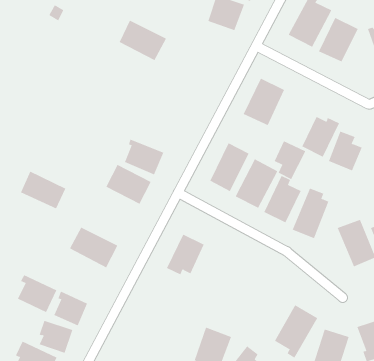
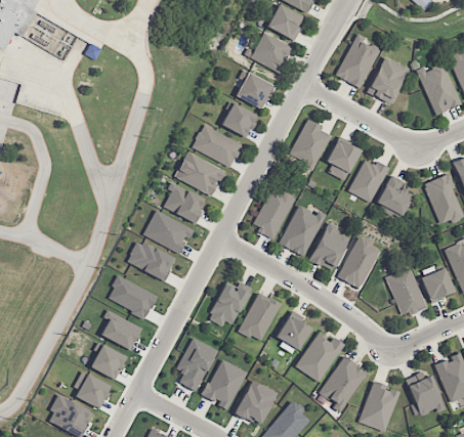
building: [119,20,167,61] -> [193,124,243,167]
building: none -> [236,72,276,110]
building: none -> [221,102,257,137]
building: none -> [175,151,225,195]
building: [274,140,306,180] -> [327,139,361,180]
building: [20,171,66,209] -> [127,239,175,279]
building: none -> [239,292,281,342]
building: none -> [276,310,309,351]
building: [17,274,57,313] -> [100,310,142,350]
building: none -> [296,332,344,382]
building: none -> [177,338,216,391]
building: none -> [204,359,246,410]

